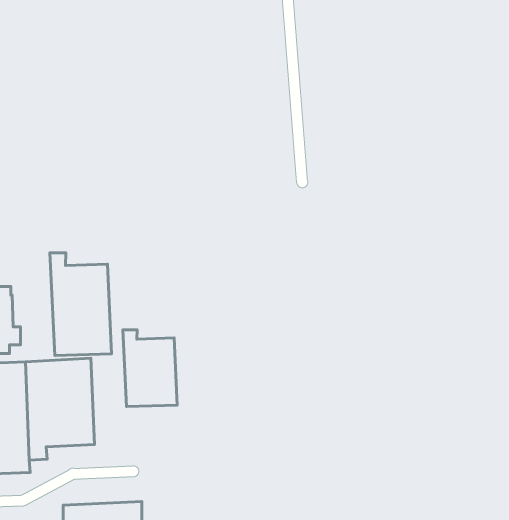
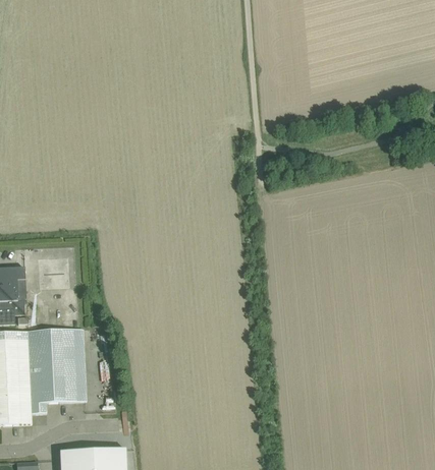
building: [50,253,111,355] -> none
building: [123,330,177,407] -> none

